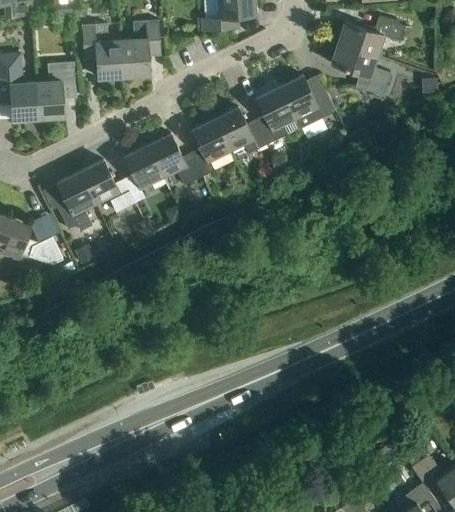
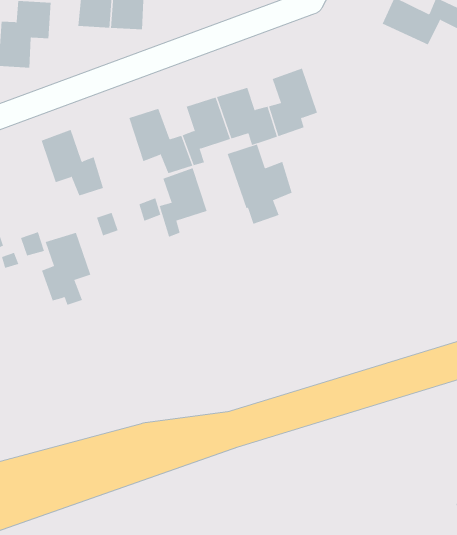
building: [331,43,391,95] -> none
building: [280,75,336,139] -> [227,144,293,224]
building: [125,144,164,202] -> [159,167,208,238]
building: [57,171,97,230] -> [41,232,91,306]

